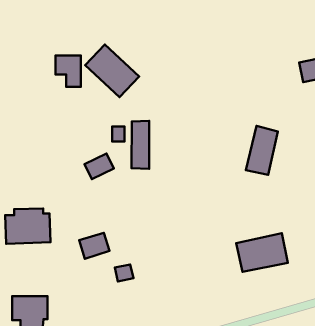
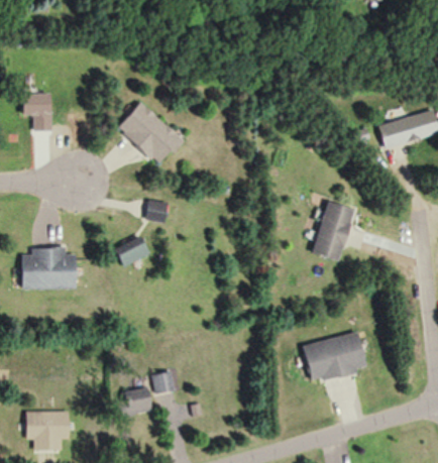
building: [56,56,81,87] -> [20,92,51,130]
building: [131,121,149,169] -> none
building: [5,209,50,244] -> [20,246,76,290]
building: [79,233,110,259] -> [116,385,153,418]

